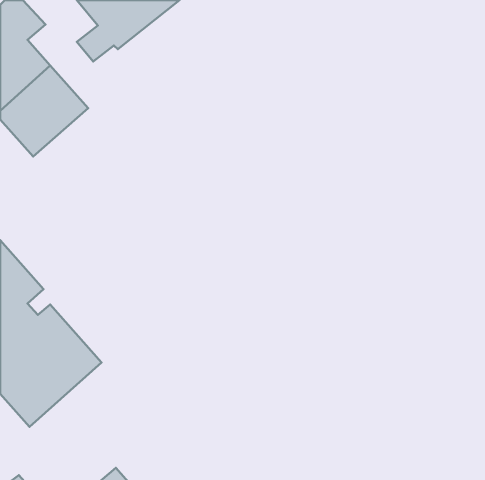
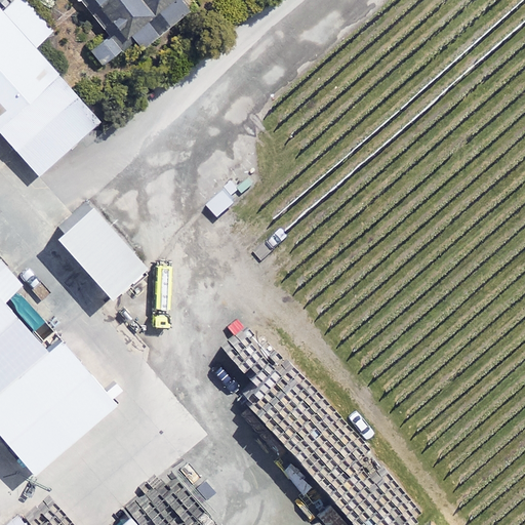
building: none -> [56,202,143,291]

